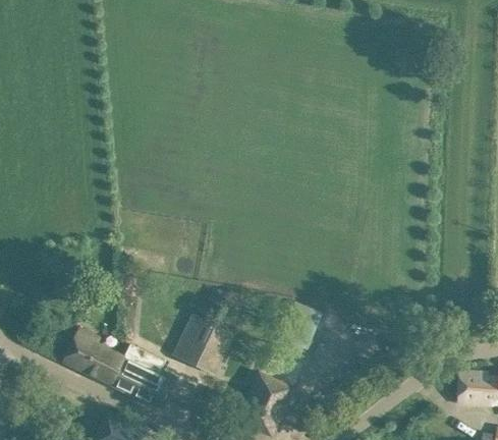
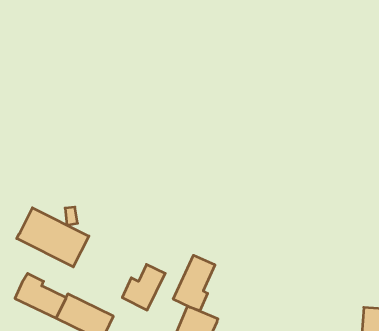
building: none -> [17,208,89,267]
building: none -> [173,255,215,311]

